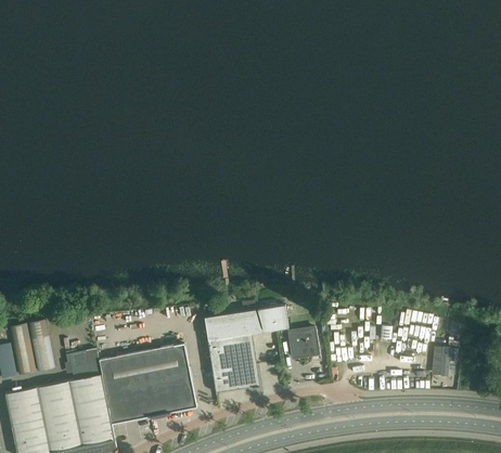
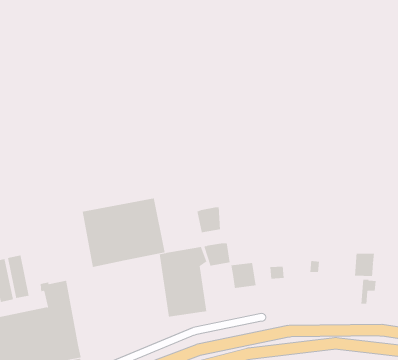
building: none -> [197,206,221,233]
building: none -> [354,253,374,277]
building: [99,342,196,424] -> [82,198,166,267]

